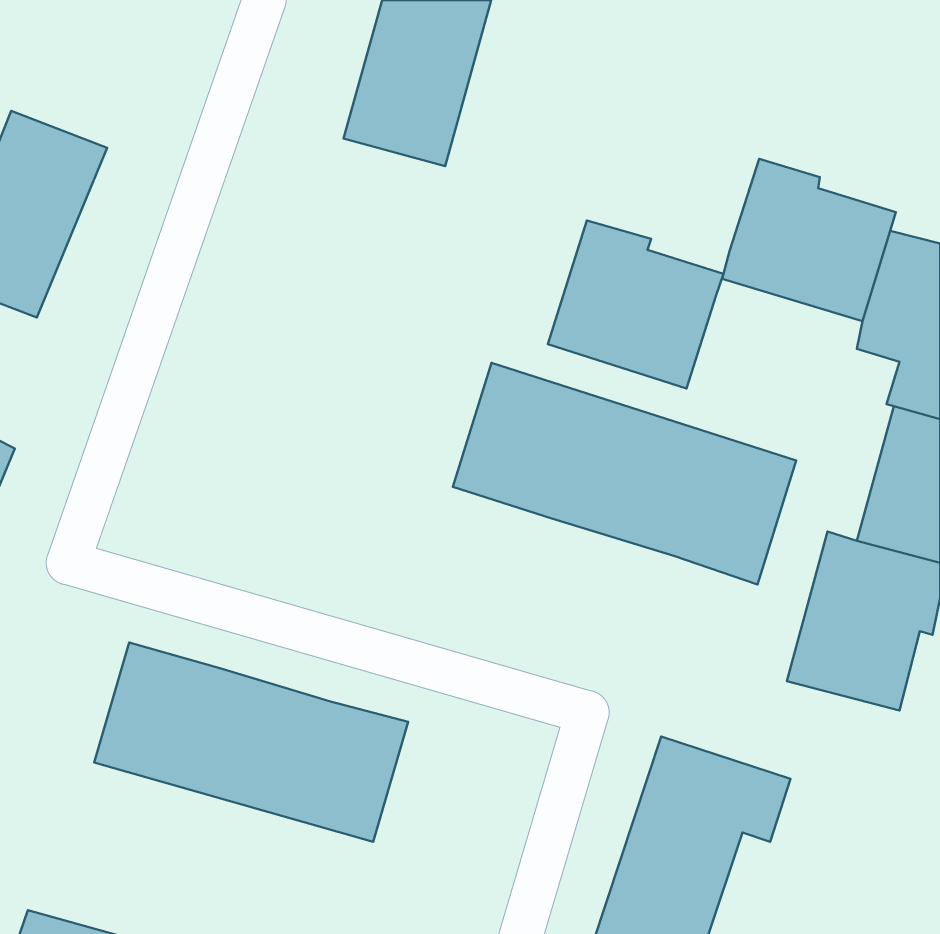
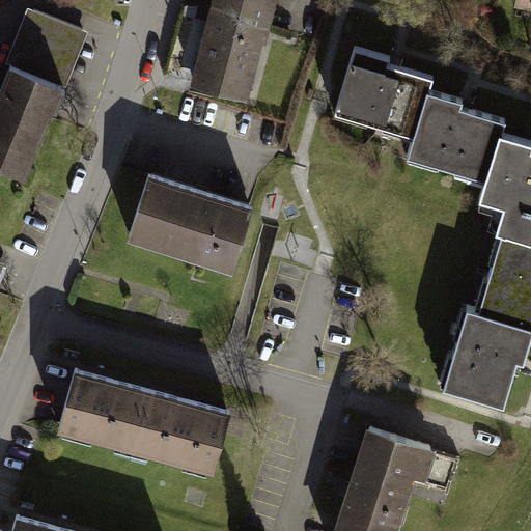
building: none -> [4,11,86,90]
building: [548,220,723,388] -> [332,52,430,146]
building: none -> [130,173,257,273]
building: [453,363,796,584] -> none

